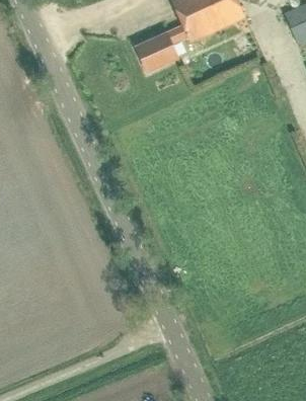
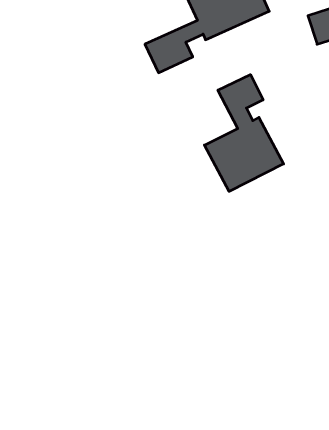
building: none -> [204,75,284,191]

